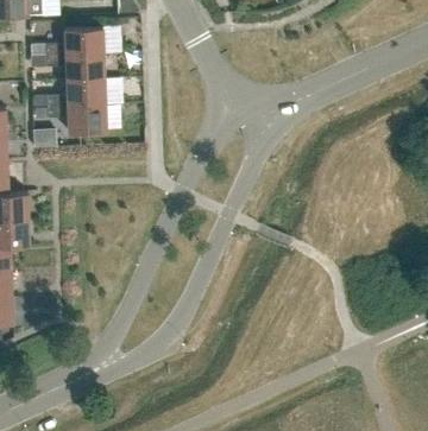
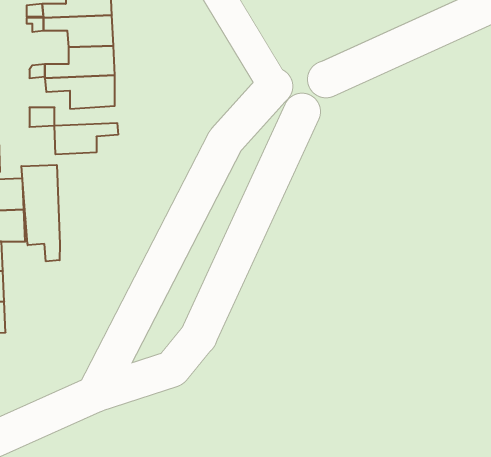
building: none -> [55,123,118,154]
building: none -> [21,165,60,261]

